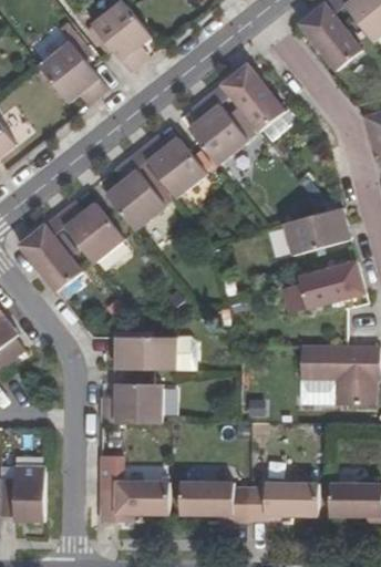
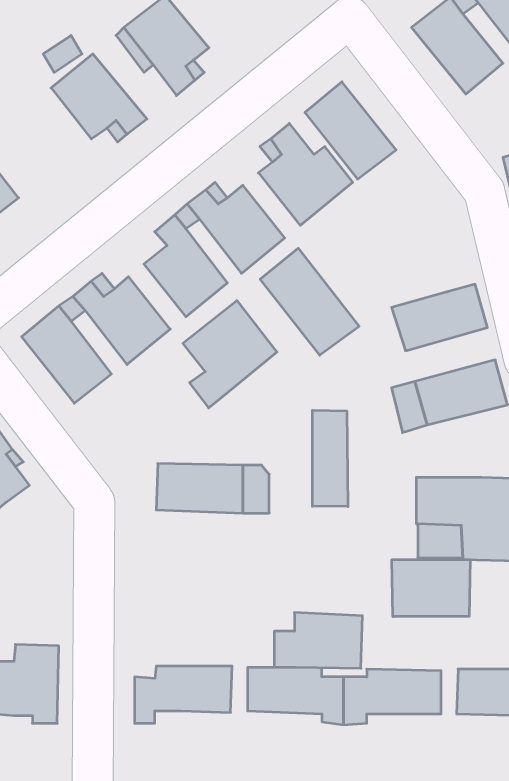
building: none -> [260,248,359,355]
building: none -> [183,301,277,408]
building: none -> [312,410,348,507]
building: [100,383,163,423] -> [274,613,362,668]
building: none -> [392,560,470,617]

